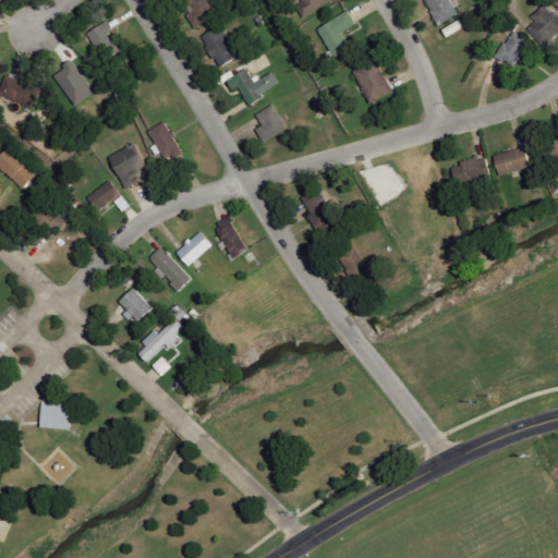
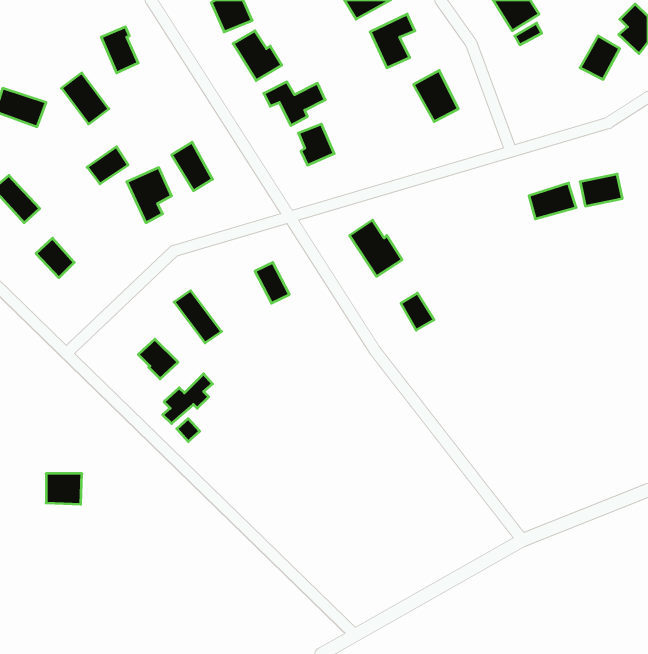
building: [85,180,120,211] -> [87,147,128,184]
building: [174,231,213,267] -> none

